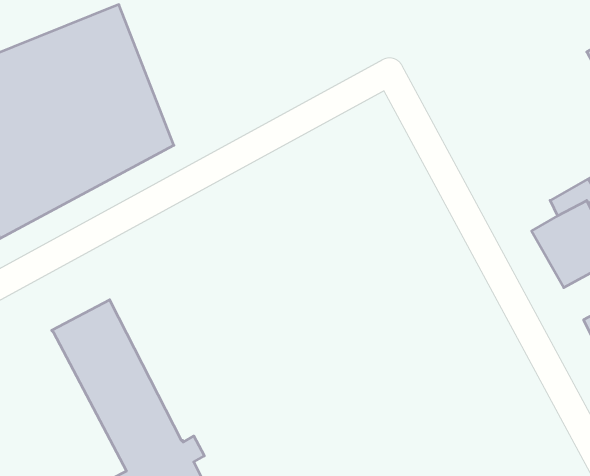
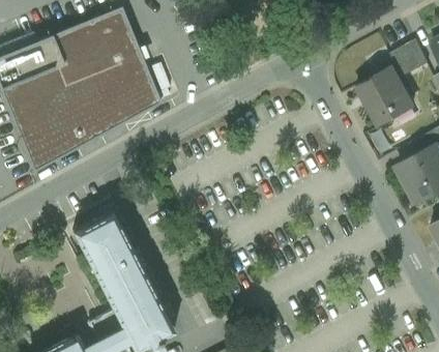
building: none -> [391,39,428,77]
building: none -> [356,67,412,125]

